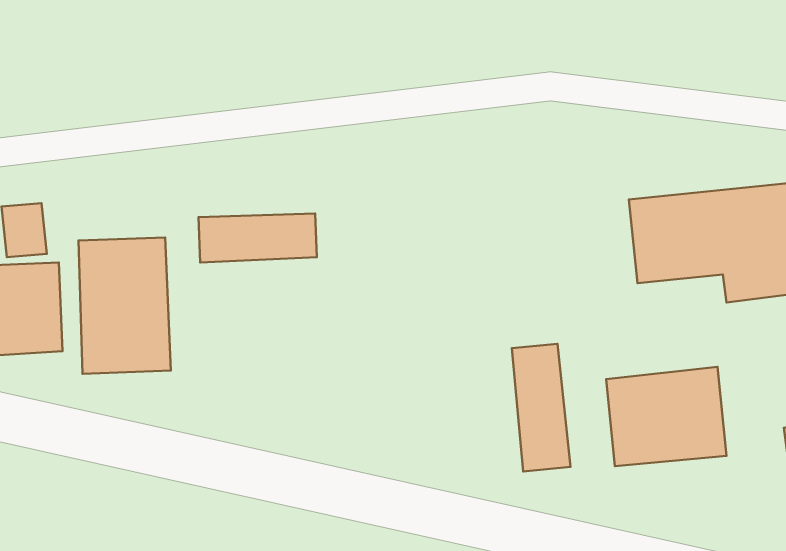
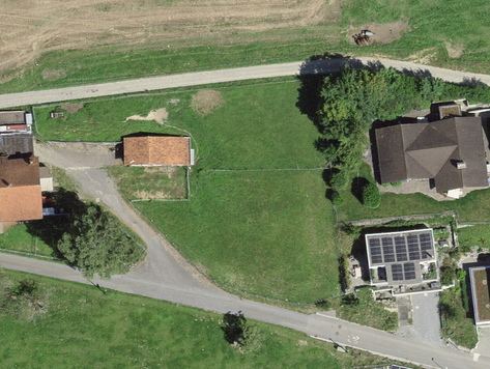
building: [79,237,171,374] -> none
building: [512,344,570,471] -> none

